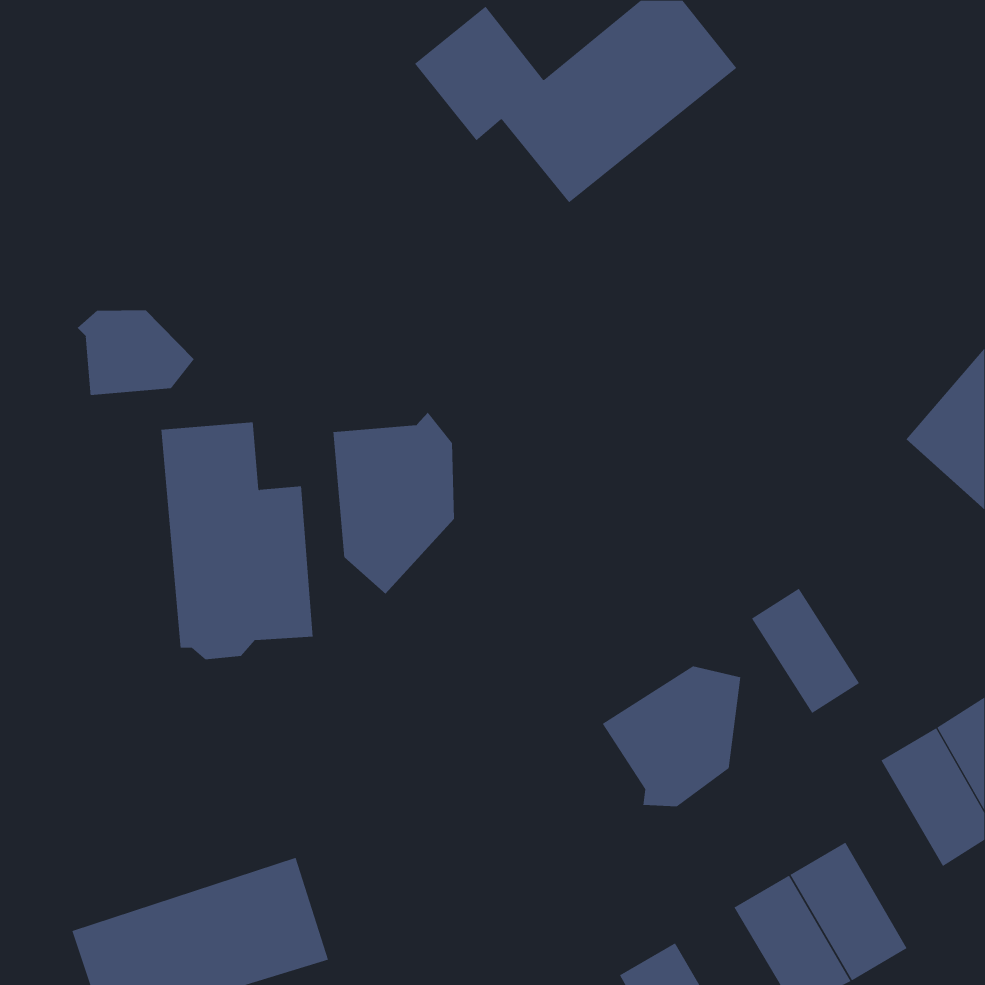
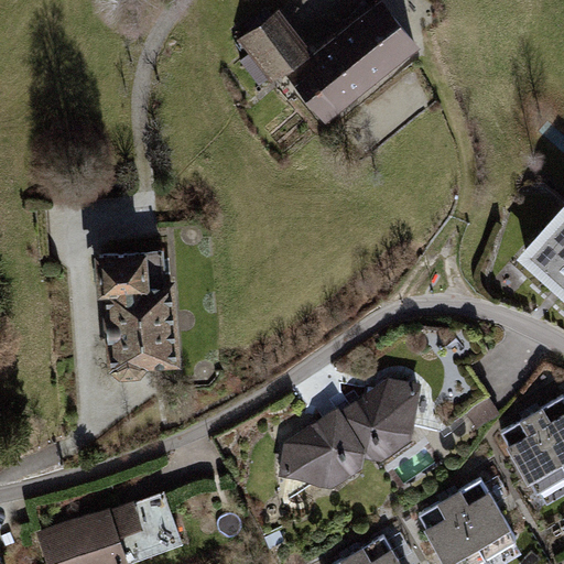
building: [77,309,195,396] -> none
building: [333,412,454,594] -> none
building: [751,588,860,714] -> none
building: none -> [282,411,367,488]

